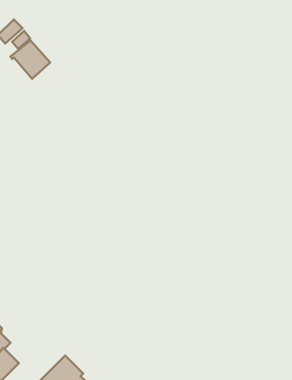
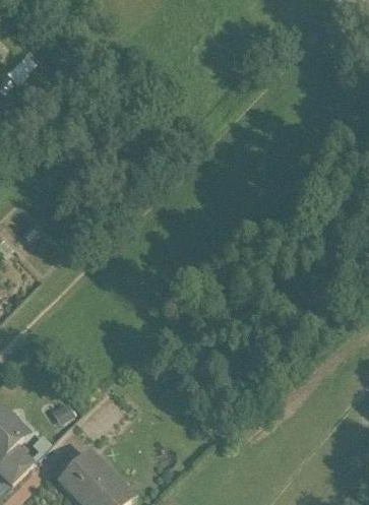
building: [10,41,50,79] -> none

